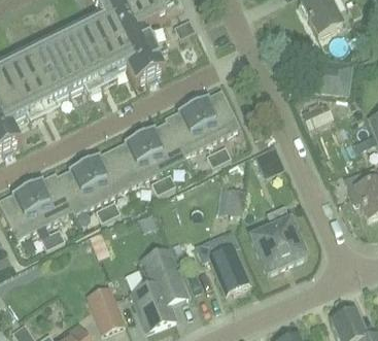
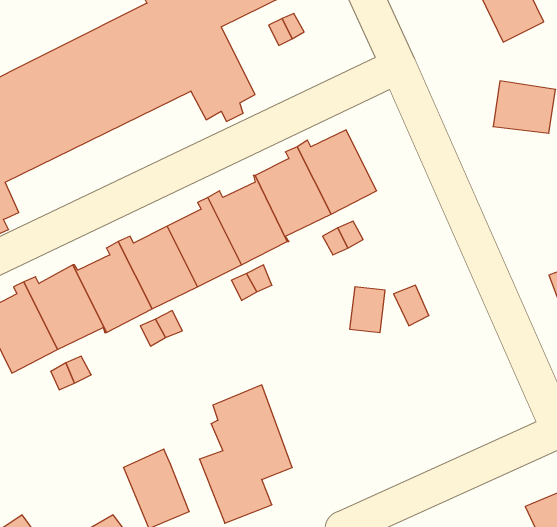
building: [249,204,306,273] -> none
building: [208,240,249,295] -> none

